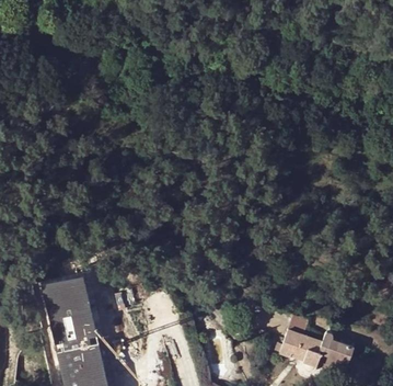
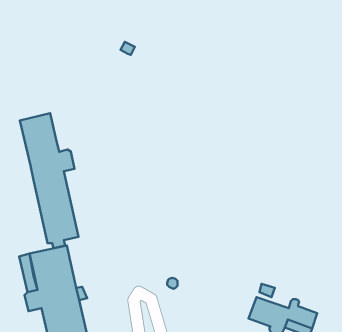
building: none -> [20,113,79,248]

